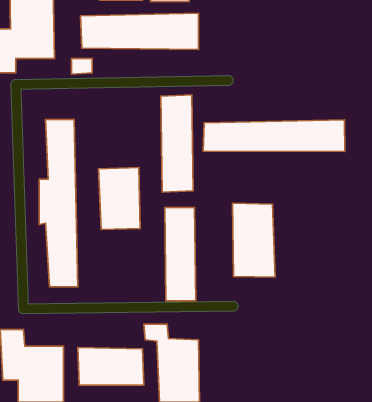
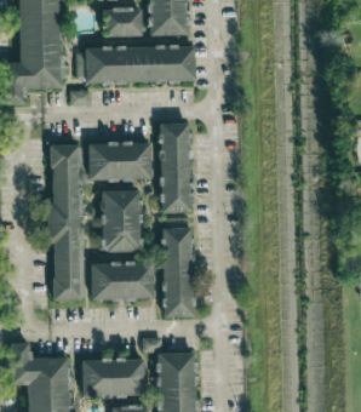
building: none -> [90,144,150,178]
building: [203,120,345,151] -> none
building: [232,203,275,277] -> none
building: none -> [91,265,154,301]

